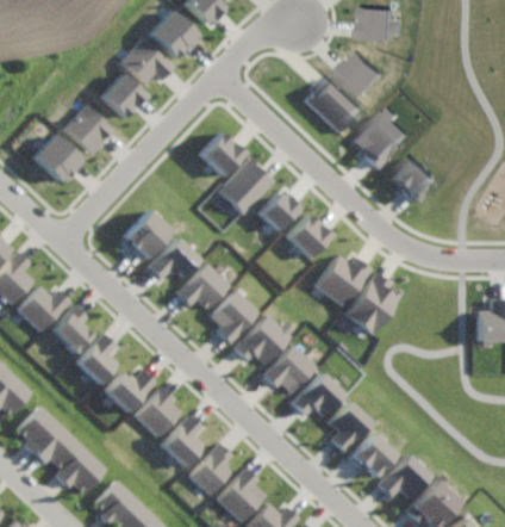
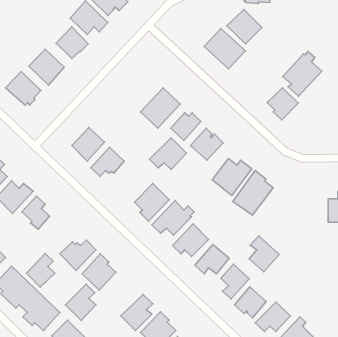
building: [356,107,410,169] -> [283,51,322,96]
building: [198,135,242,178] -> none
building: [175,265,226,309] -> [150,138,187,170]
building: [77,335,117,382] -> [26,253,55,287]
building: none -> [249,236,279,272]
building: [162,416,204,466] -> [66,284,96,320]

